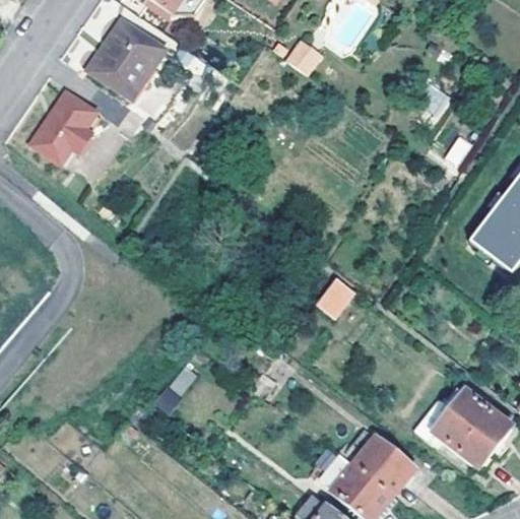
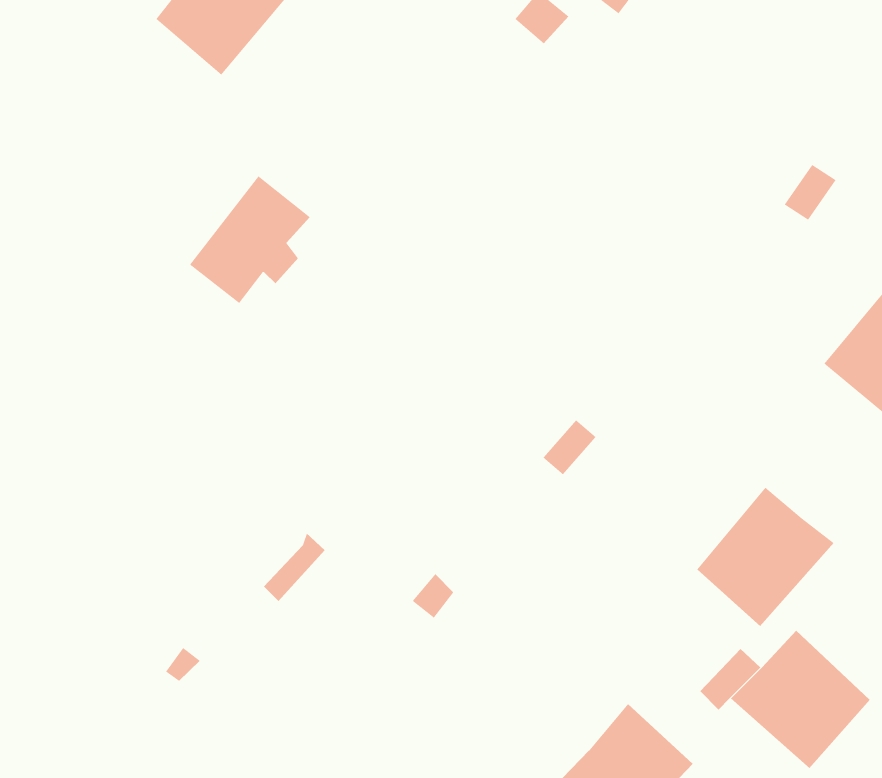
building: [29,91,95,164] -> [189,176,310,304]
building: none -> [696,487,835,627]

